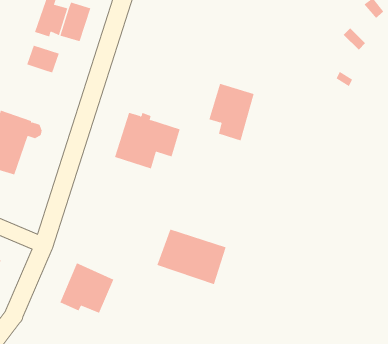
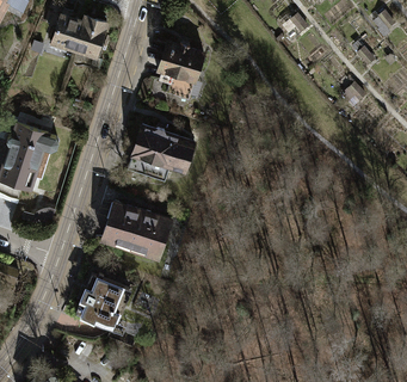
building: [27,45,59,73] -> none
building: [209,83,255,141] -> [158,43,203,100]
building: [156,229,227,285] -> [99,203,168,258]

